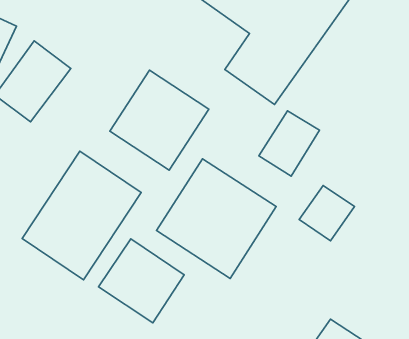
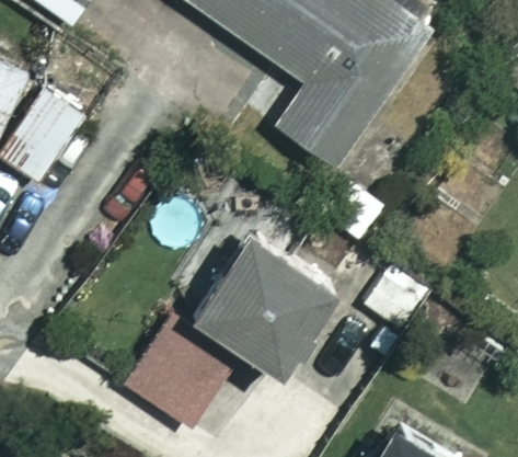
building: [110,70,209,170] -> none
building: [22,151,141,280] -> none

